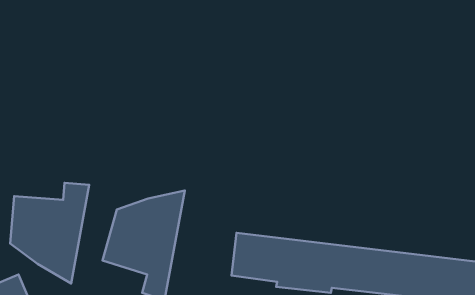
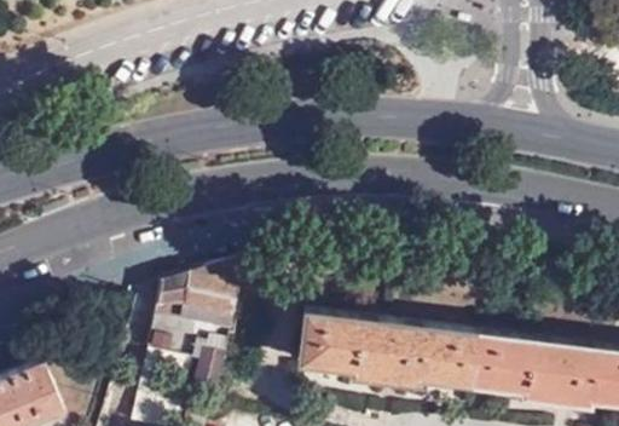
building: [10,183,89,284] -> none

